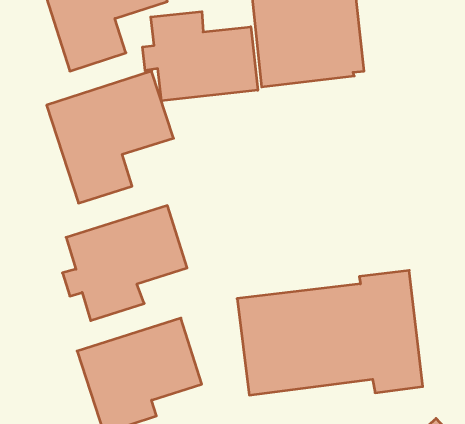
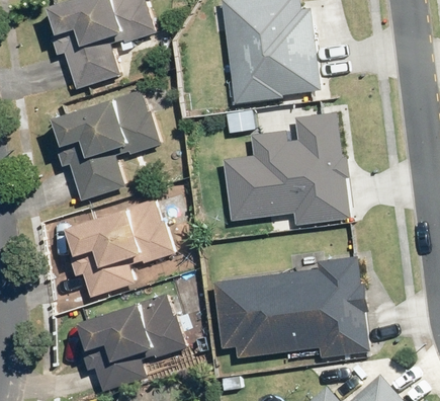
building: [143,12,258,101] -> none
building: none -> [223,111,348,225]

